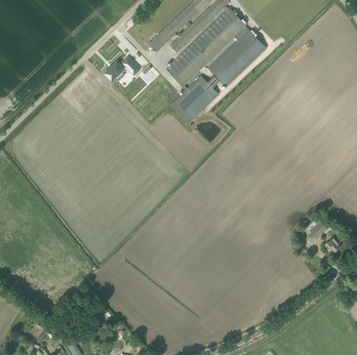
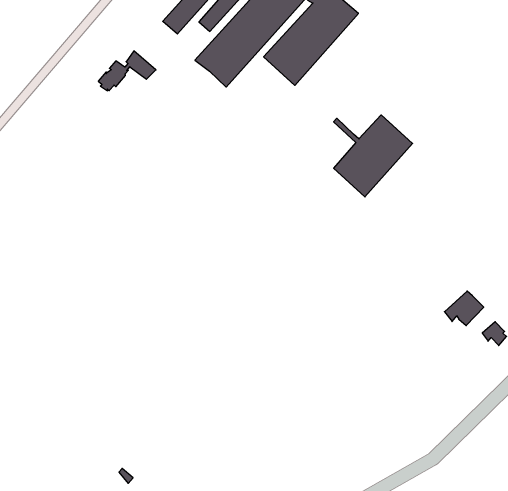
building: [169,76,217,124] -> [334,115,413,197]

